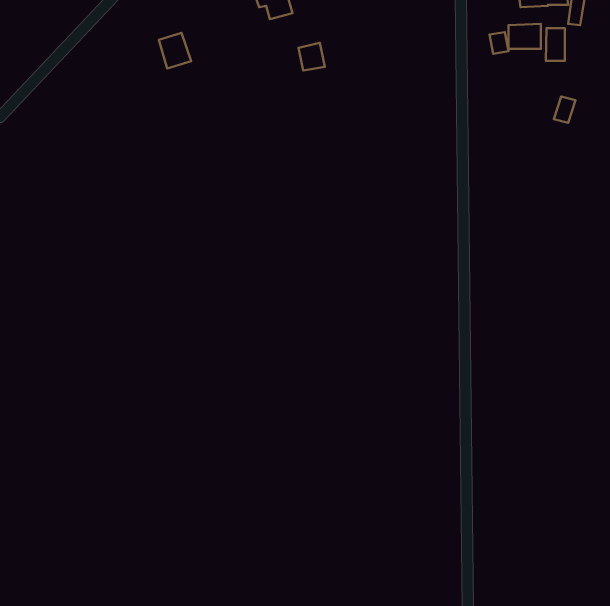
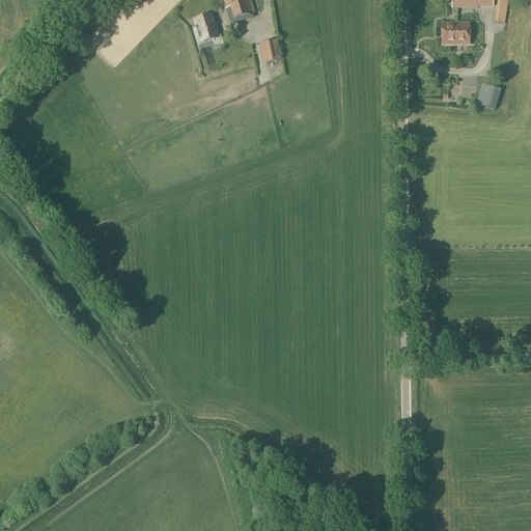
building: [546,28,565,61] -> none
building: [159,33,191,68] -> [192,11,220,43]

